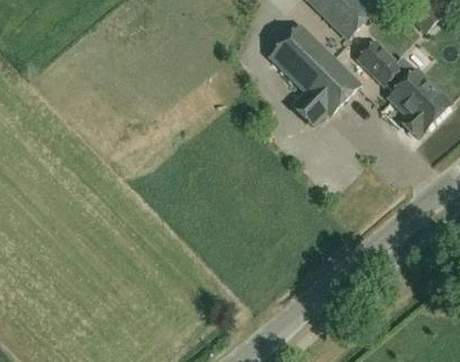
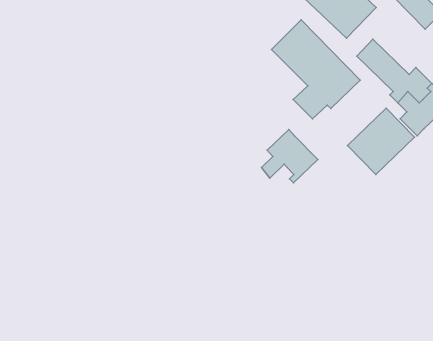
building: none -> [347,108,415,174]
building: none -> [261,130,318,183]

